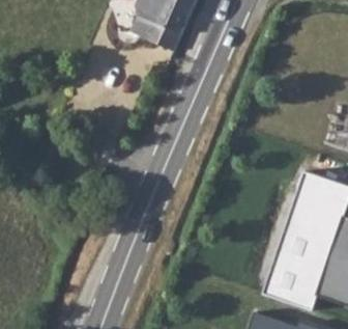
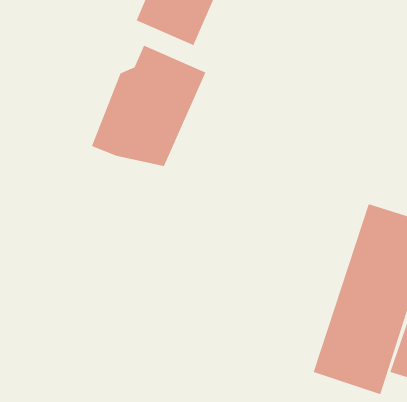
building: none -> [91,45,206,167]

